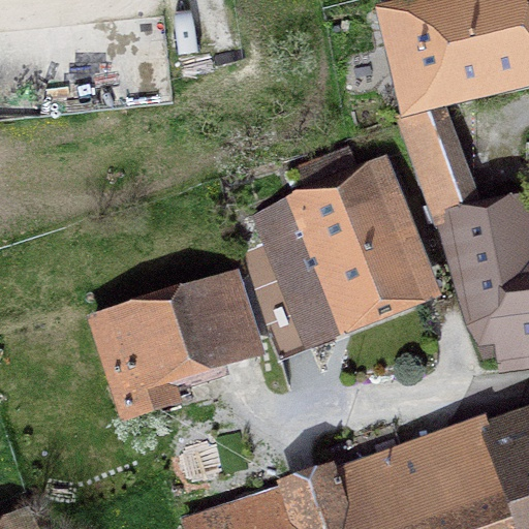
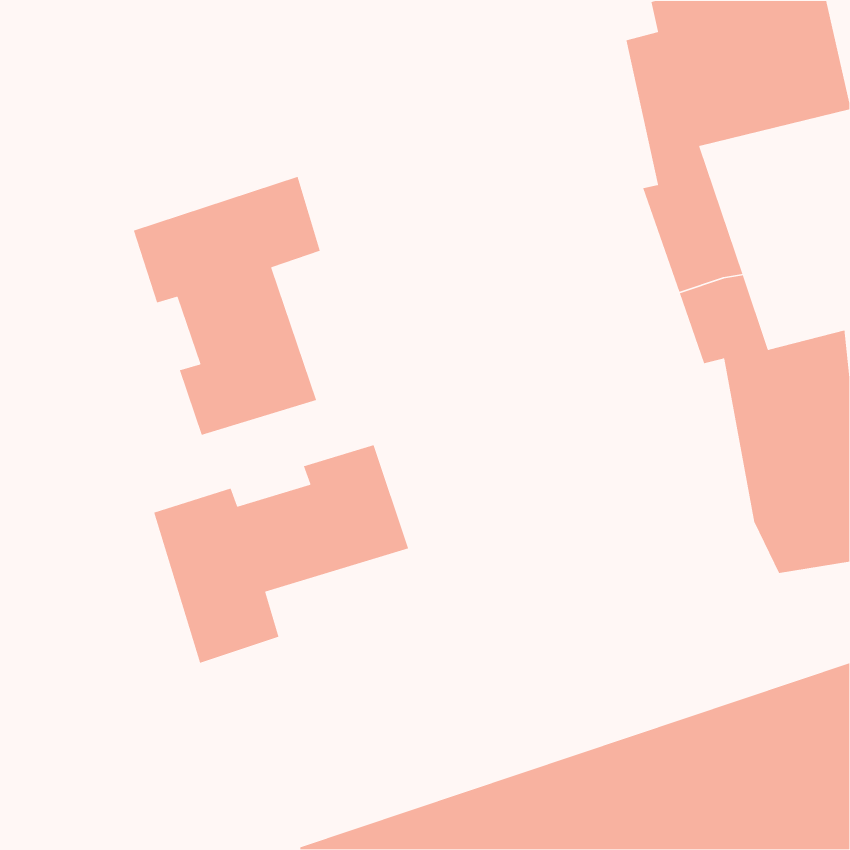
building: none -> [133,176,321,436]
building: [259,150,433,336] -> none

